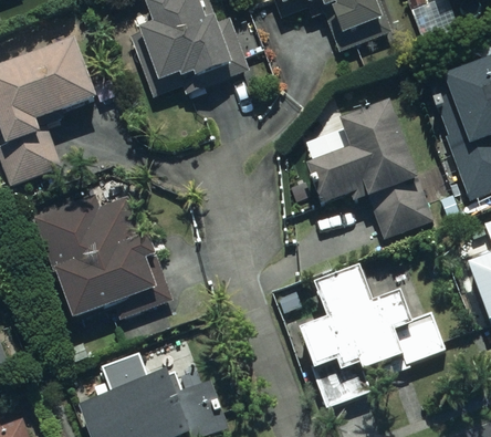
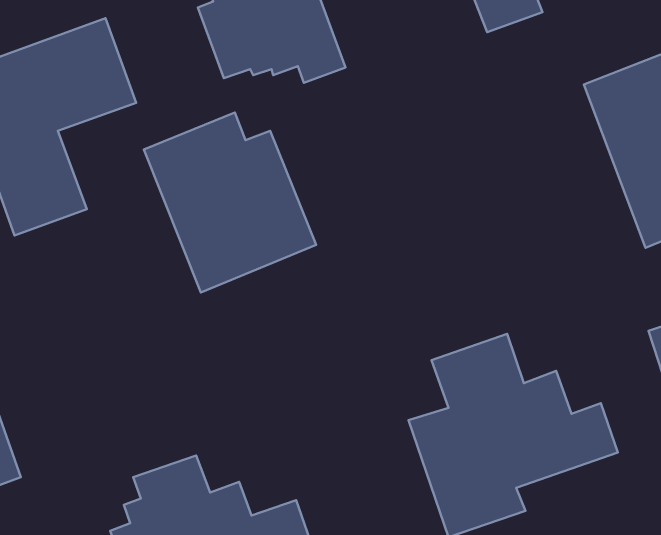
building: [304,97,435,236] -> none
building: [34,190,158,320] -> [144,112,316,293]

